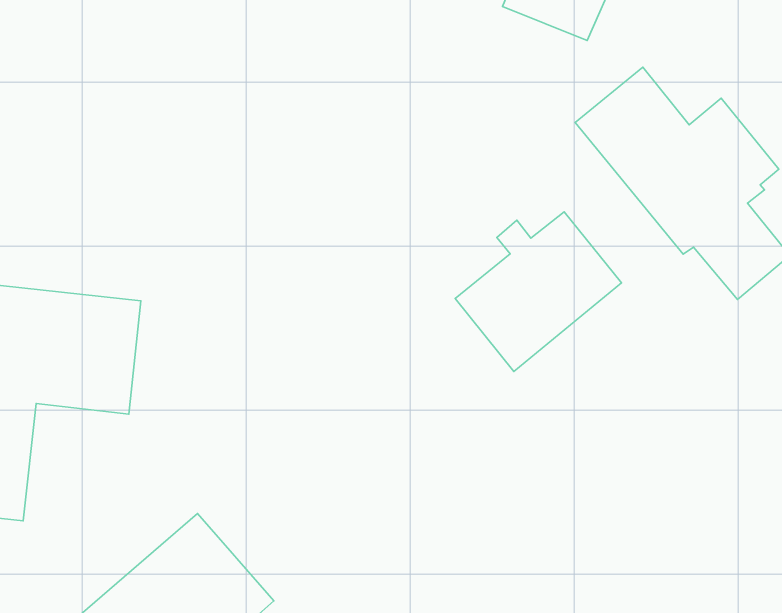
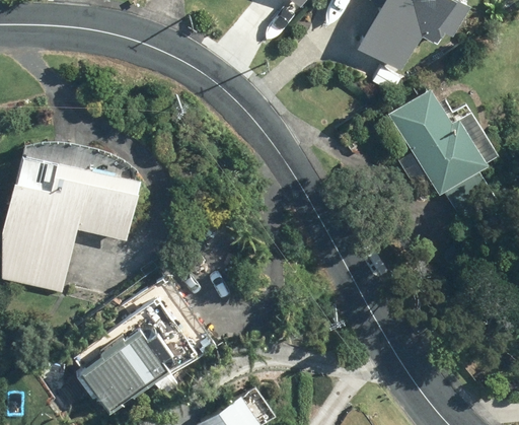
building: [455,212,622,371] -> none

